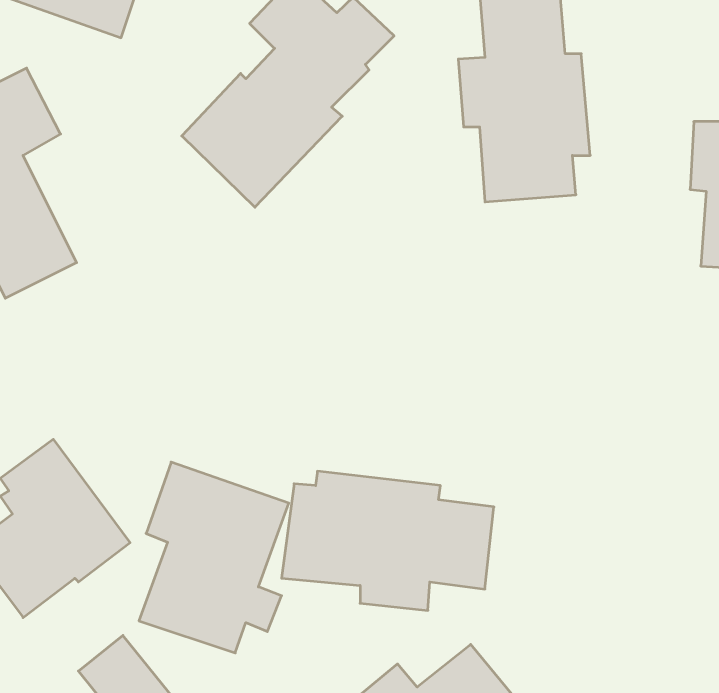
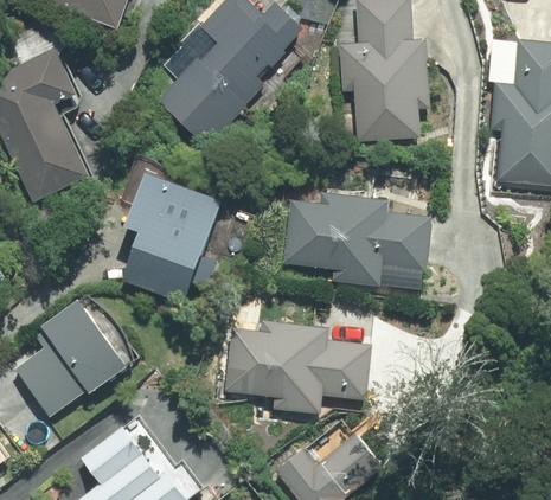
building: none -> [288,194,435,286]
building: [139,462,289,653] -> [123,173,223,300]

